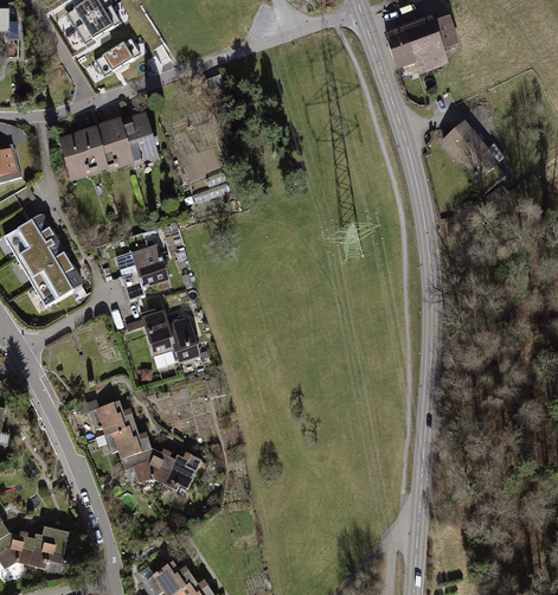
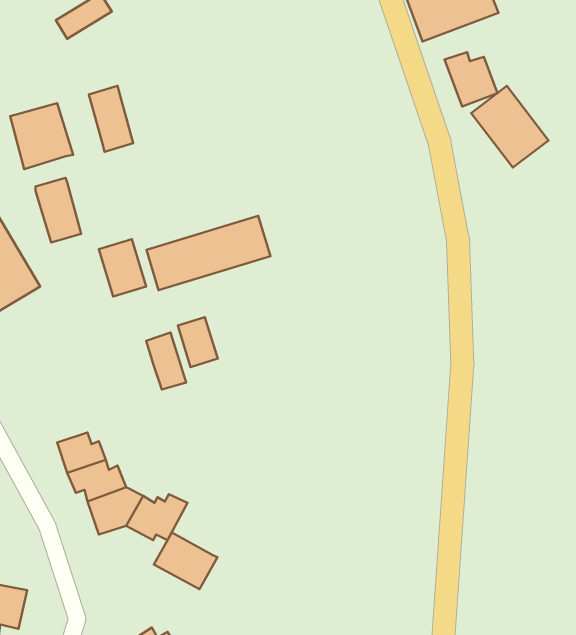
building: none -> [445,52,498,106]
building: [95,117,133,171] -> [35,178,81,242]
building: none -> [146,216,270,290]
building: [141,309,174,351] -> [178,317,218,367]
building: none -> [154,533,217,589]

